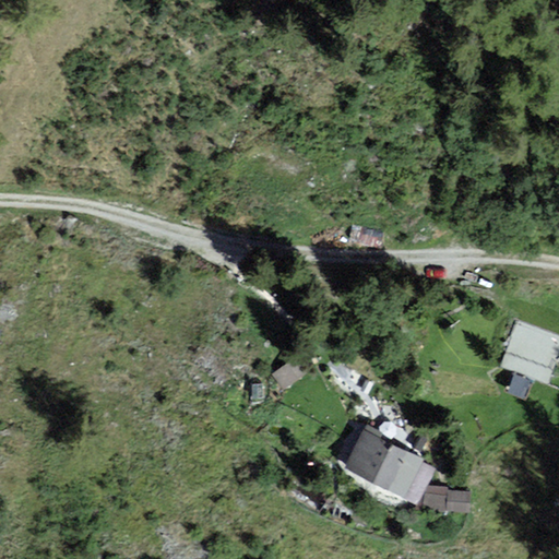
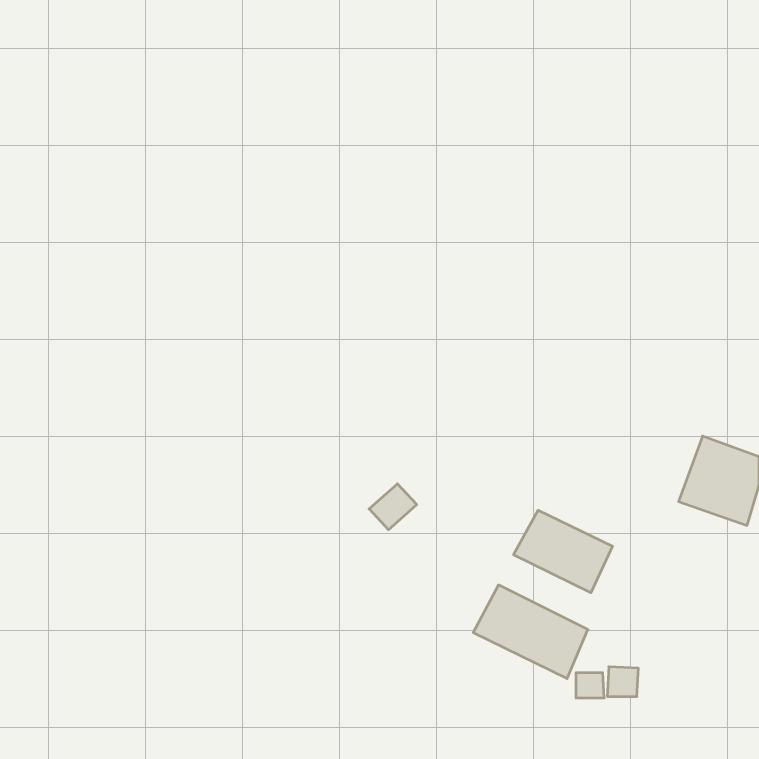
building: none -> [514,510,612,593]

